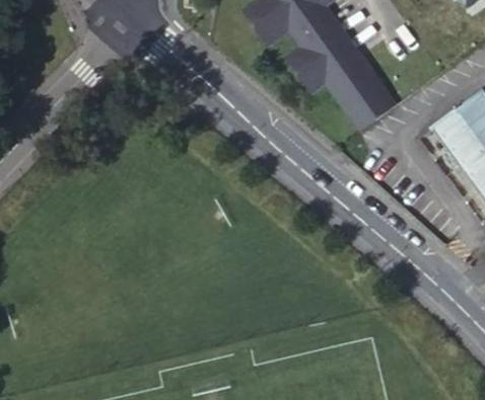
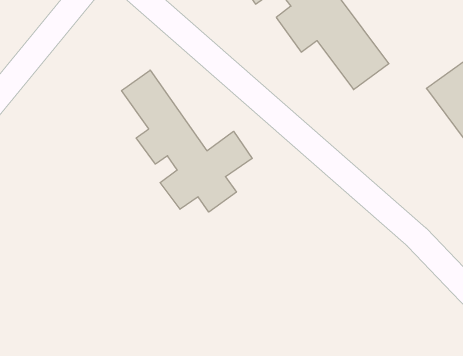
building: none -> [122,70,252,212]

